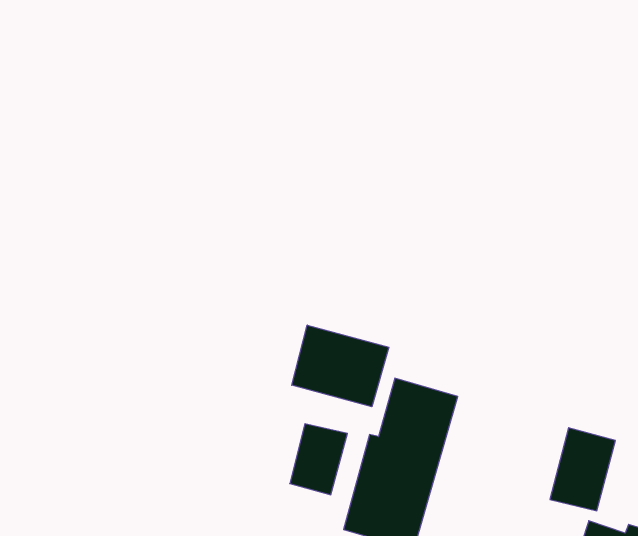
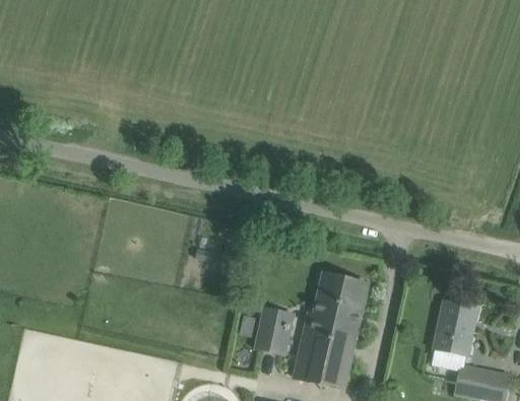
building: [292,325,389,407] -> none

